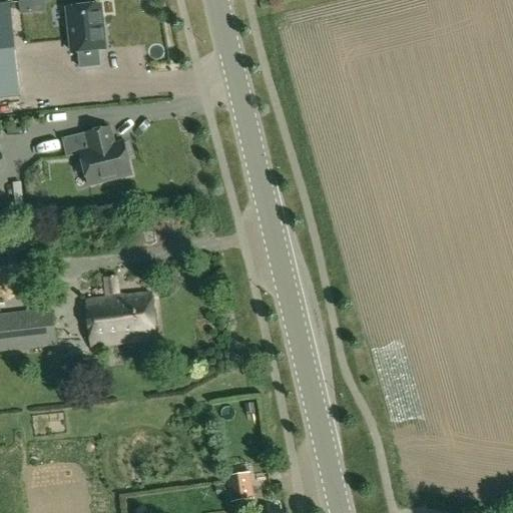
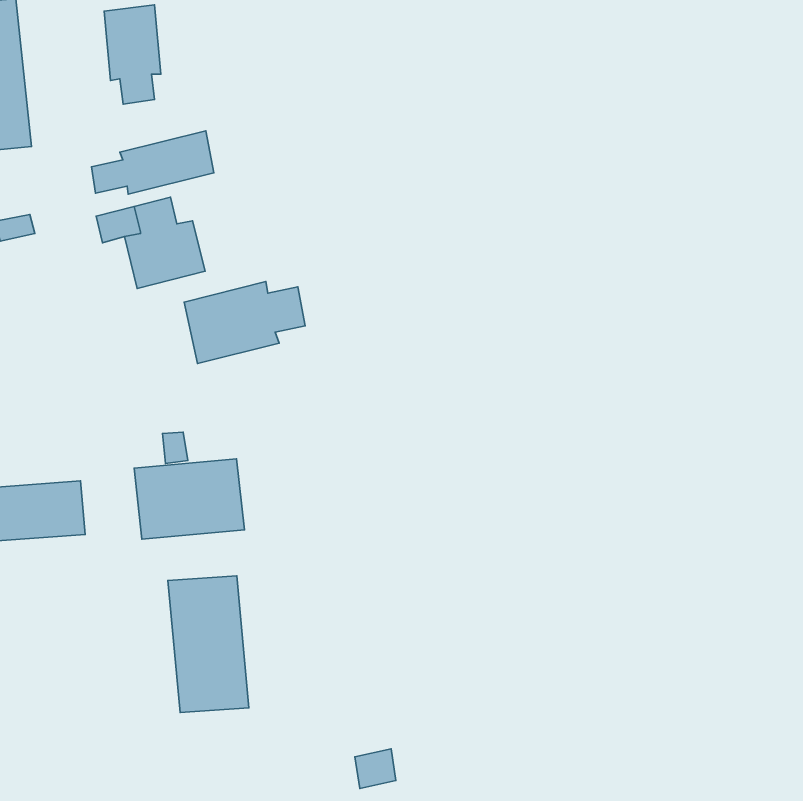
building: none -> [91,131,214,194]
building: none -> [184,282,305,364]
building: none -> [168,576,249,713]

